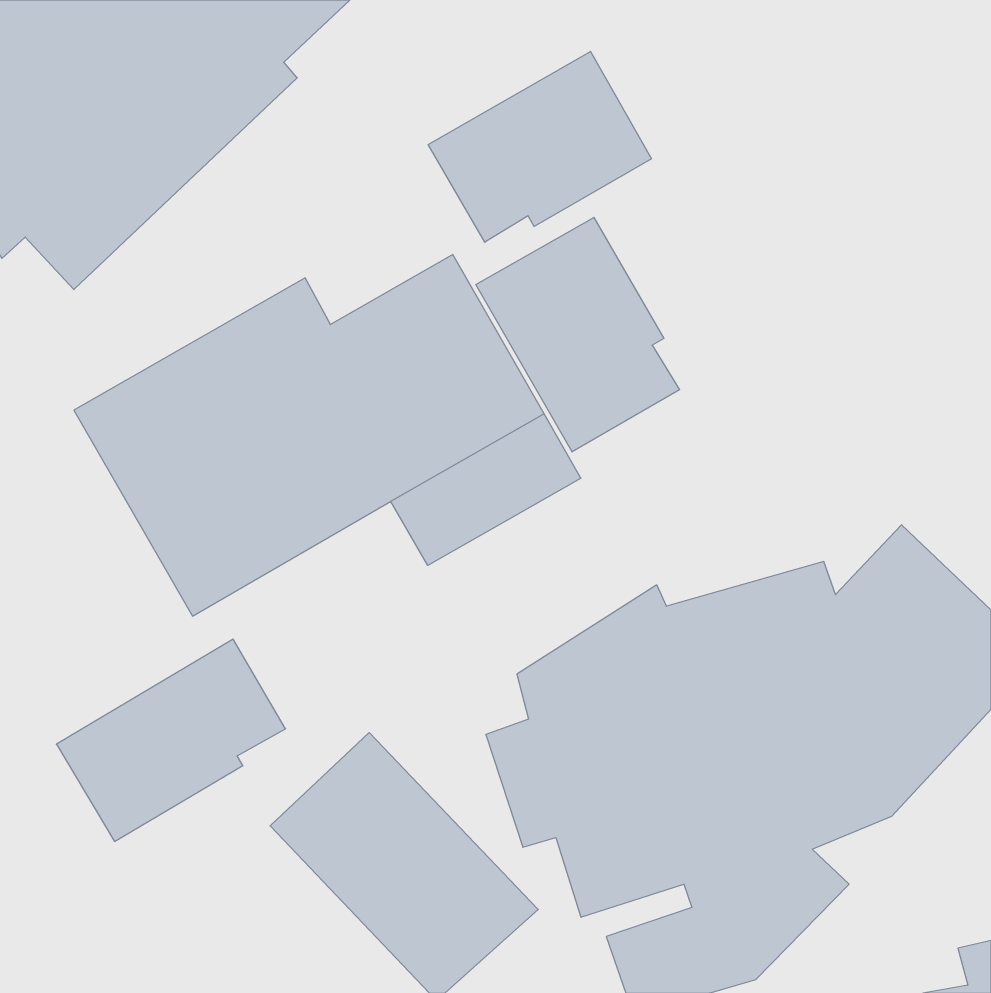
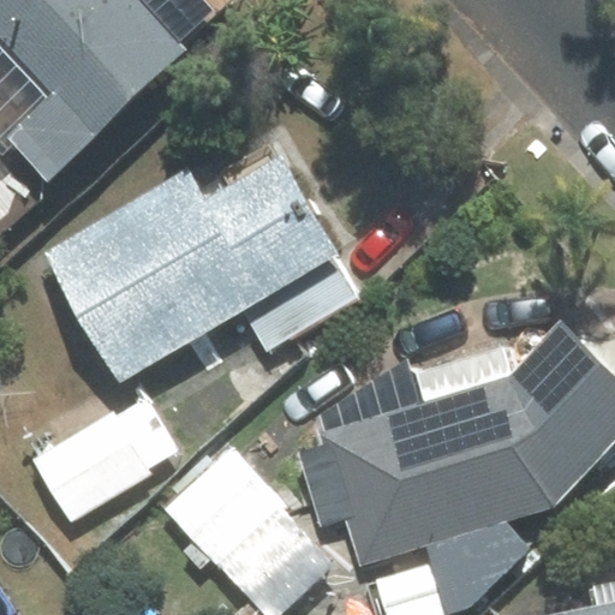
building: [428,51,651,242] -> none
building: [476,217,680,452] -> none

